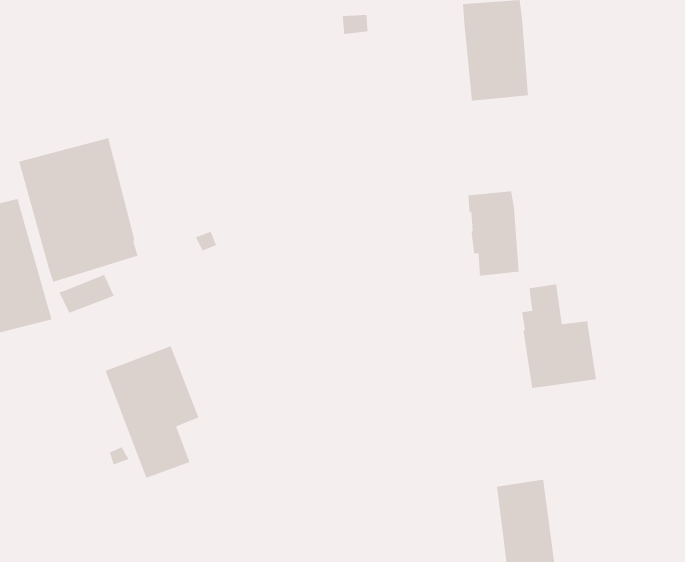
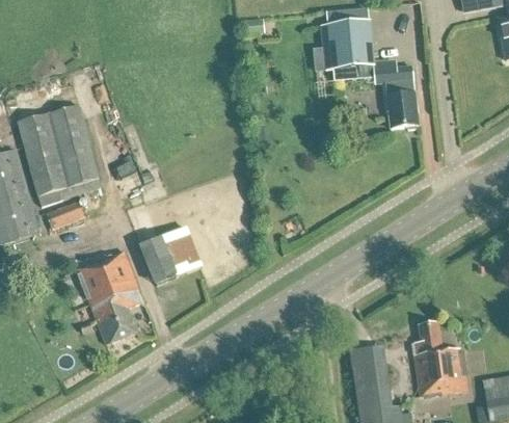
building: [467,190,519,276] -> [381,67,418,127]
building: [521,283,597,389] -> [412,322,465,396]
building: none -> [138,226,203,286]

